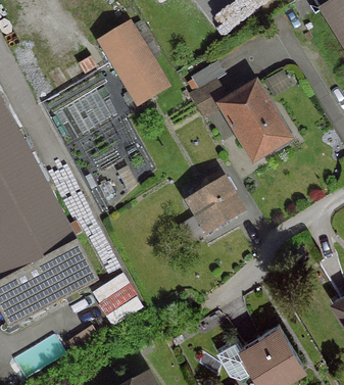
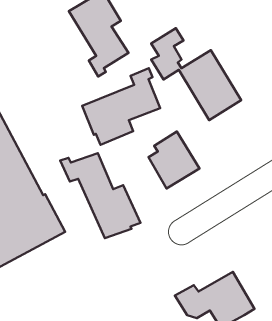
building: none -> [82,68,160,145]
building: none -> [60,153,141,238]

